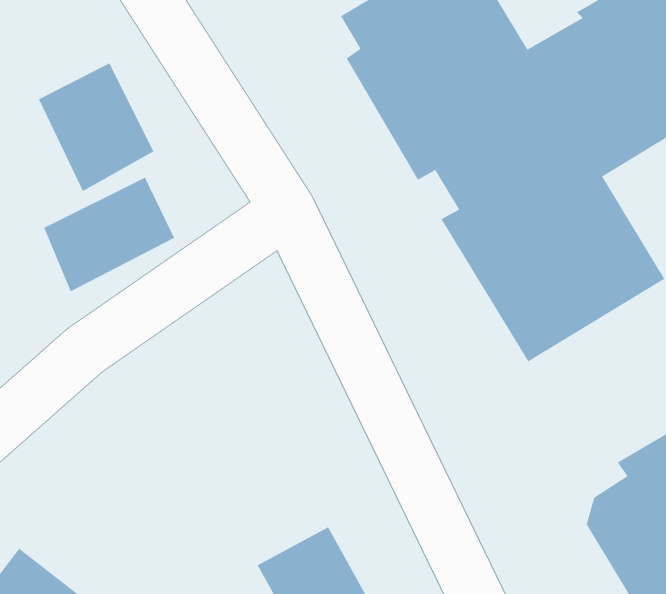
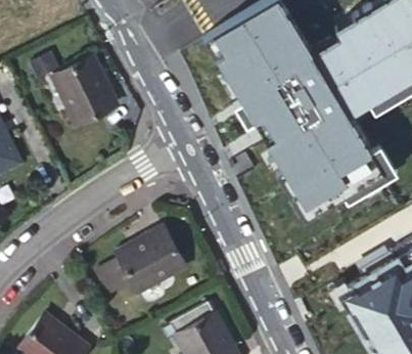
building: [44,177,175,292] -> none
building: none -> [97,230,185,296]

